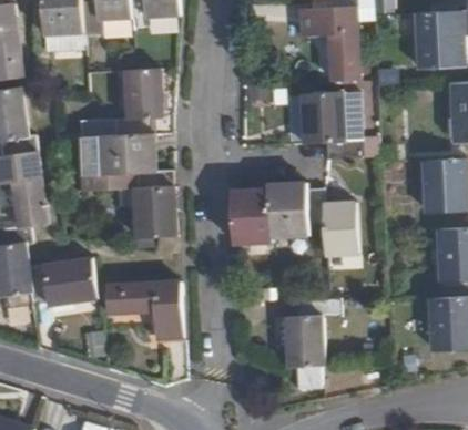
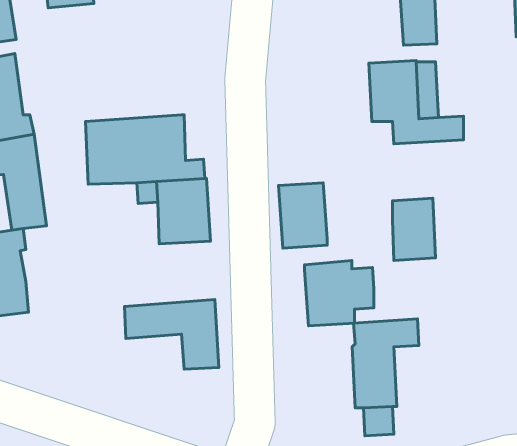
building: [74,66,160,139] -> none
building: [265,180,321,232] -> [304,261,374,326]
building: [28,257,94,303] -> none

